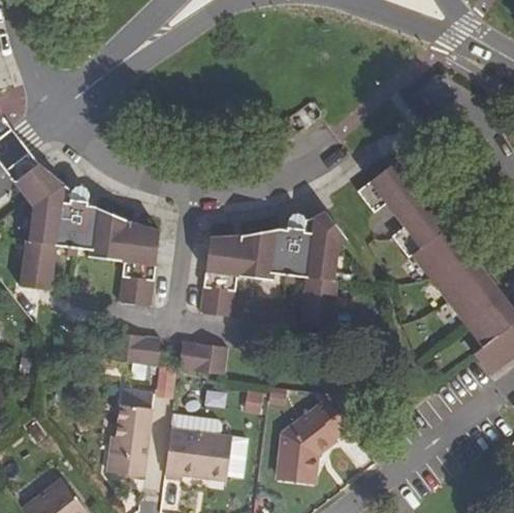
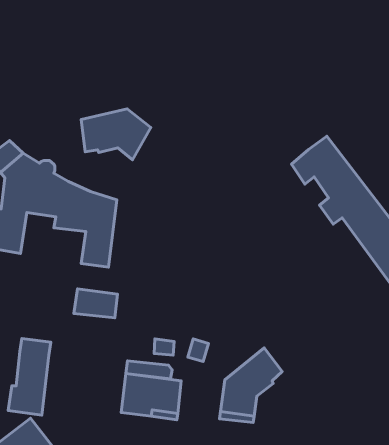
building: none -> [81,109,151,160]
building: [199,211,346,325] -> none
building: [178,341,227,374] -> none
building: [105,389,154,476] -> [8,339,51,415]

